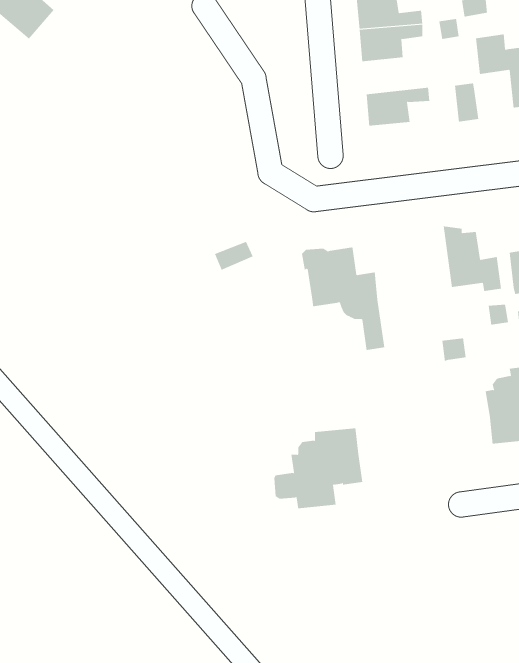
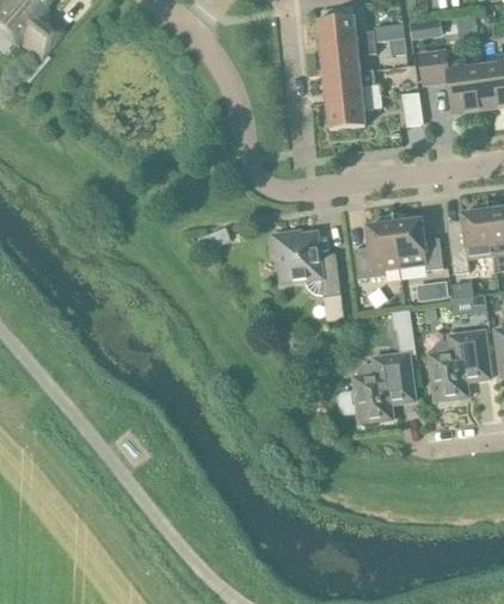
building: none -> [322,70,380,101]
building: none -> [354,214,399,278]
building: [274,428,363,509] -> [338,353,414,423]

